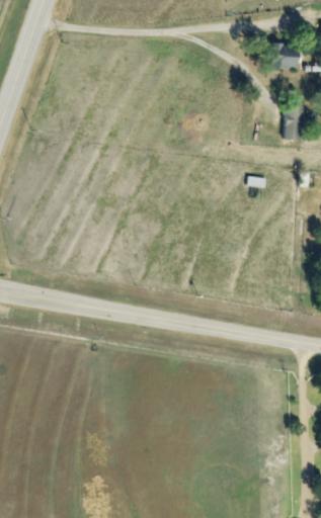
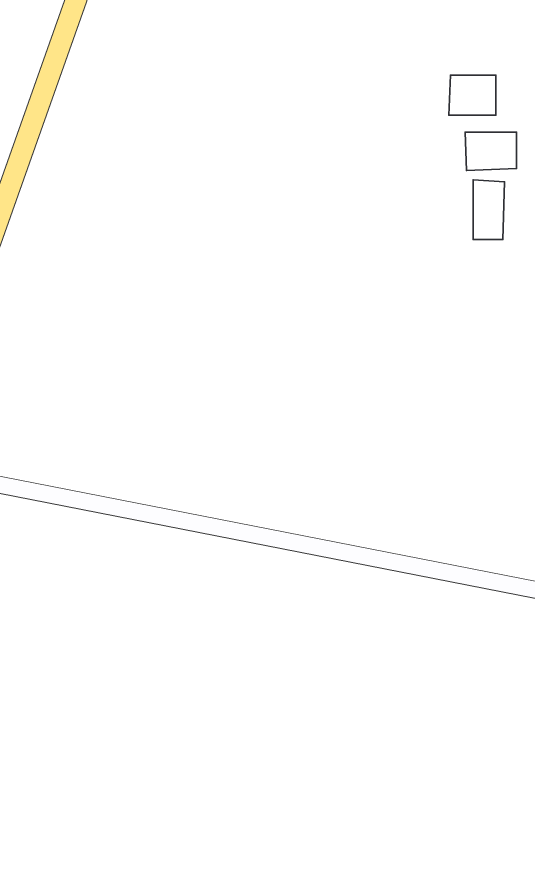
building: none -> [465,132,516,171]

